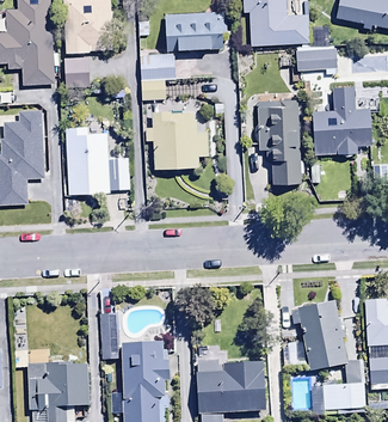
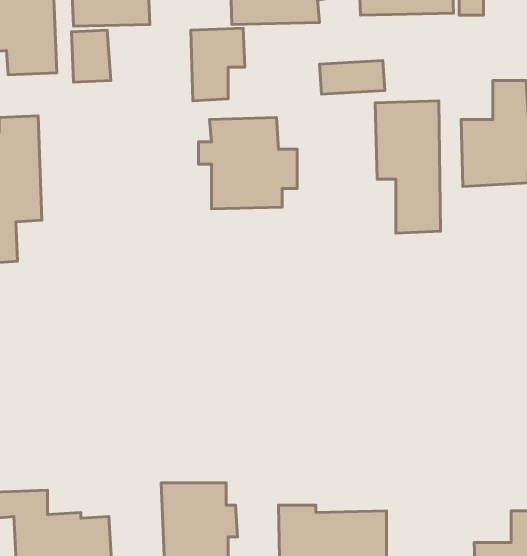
building: [295,48,337,69] -> [320,61,385,94]
building: [66,127,124,194] -> none
building: [297,300,345,369] -> none

